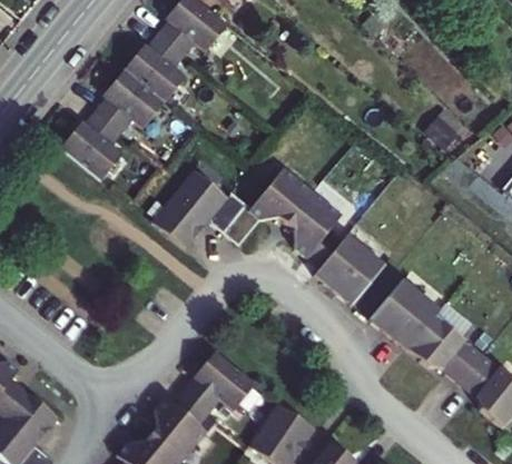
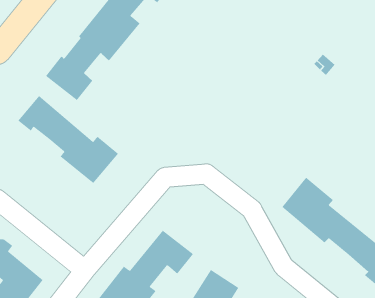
building: [155,168,384,305] -> none
building: none -> [18,95,119,184]

